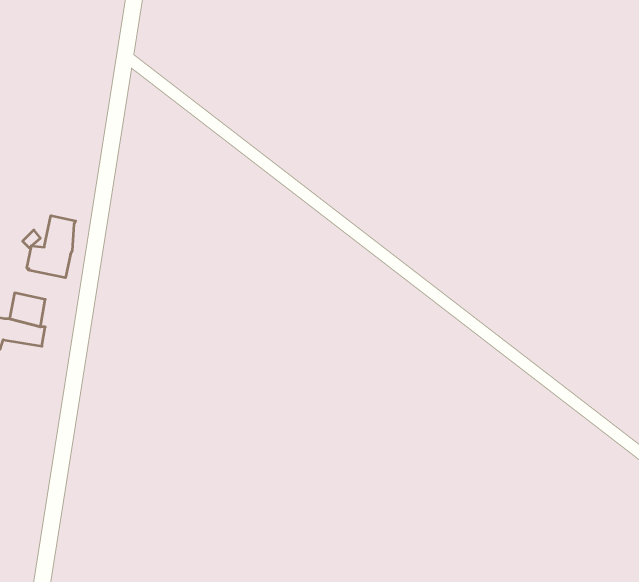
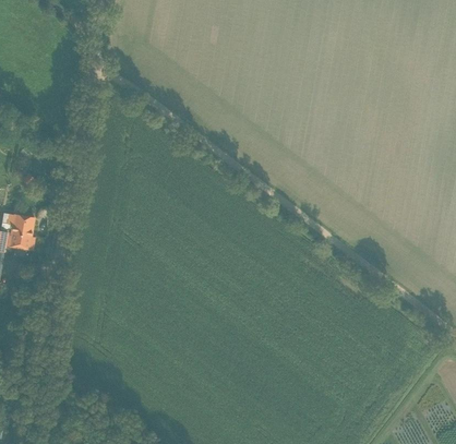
building: [27,216,76,278] -> none

